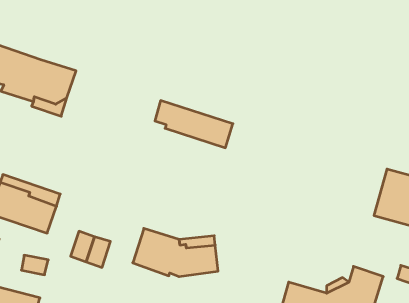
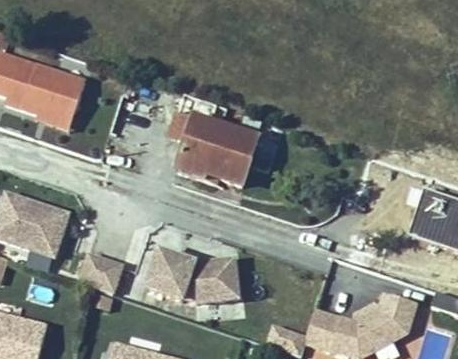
building: none -> [174,141,246,192]

